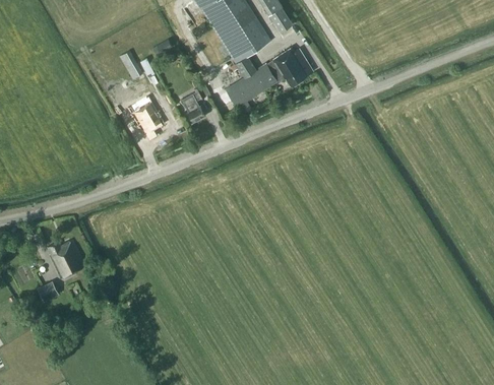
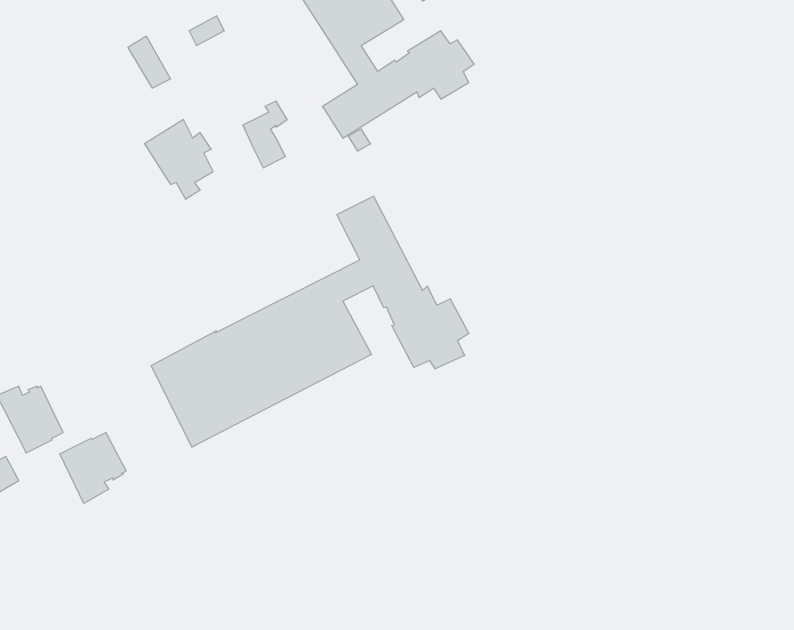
building: none -> [151,196,469,447]
building: none -> [60,432,126,503]

